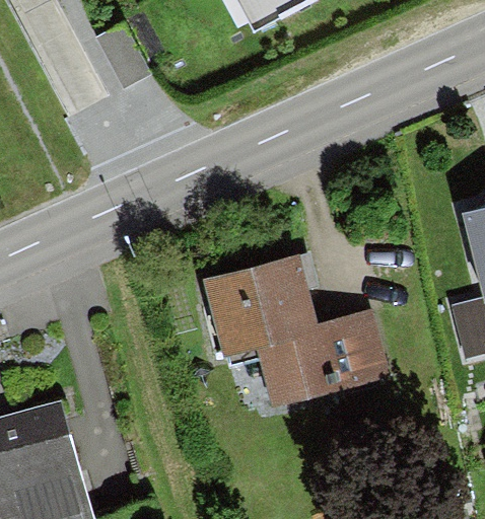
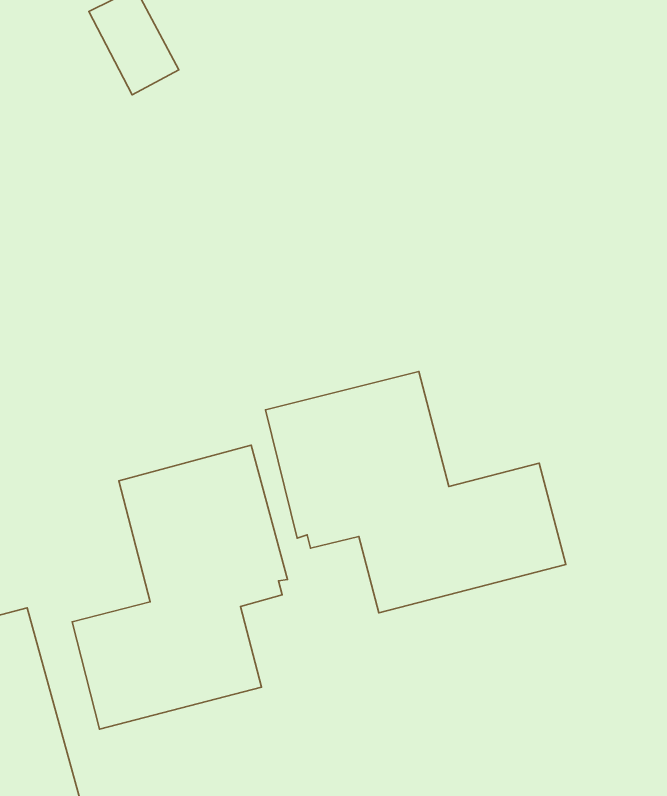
building: none -> [72,445,287,729]

